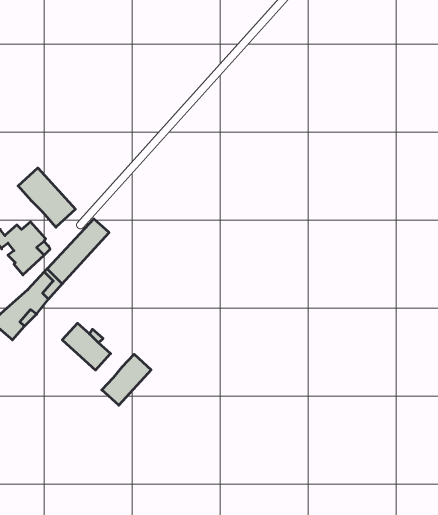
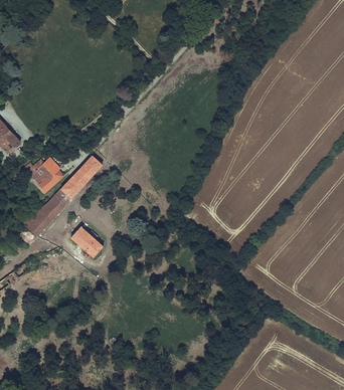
building: [18,168,75,227] -> none
building: [102,354,151,405] -> none

